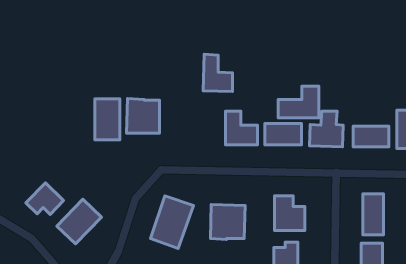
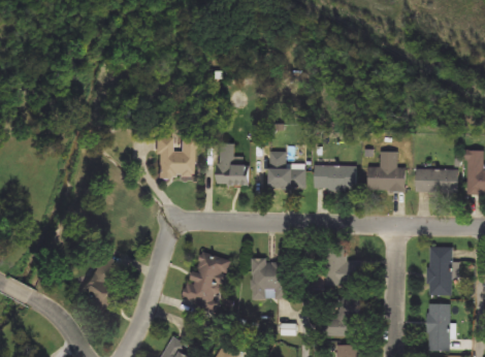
building: [203,54,233,92] -> [216,141,250,185]
building: [278,86,319,118] -> none
building: [95,99,120,140] -> none
building: [26,183,64,214] -> none

